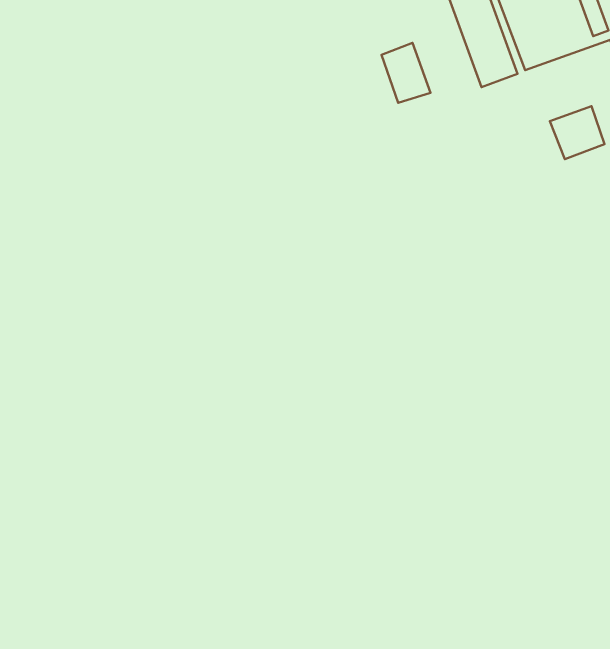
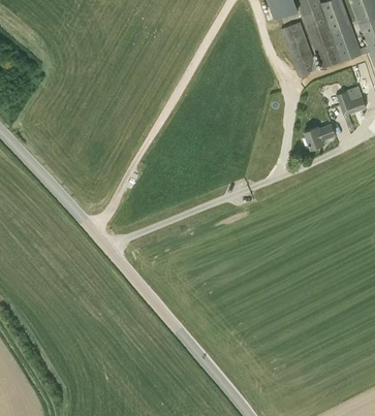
building: [381,43,431,103] -> none
building: none -> [305,124,337,149]

